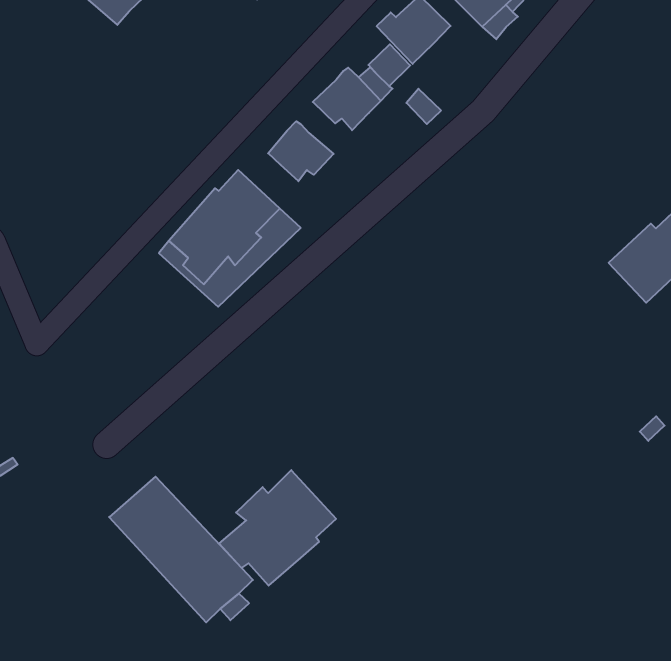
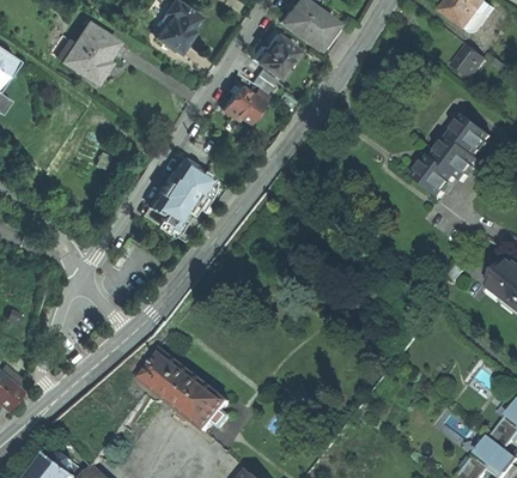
building: [268,121,334,181] -> none
building: [219,470,336,586] -> none

